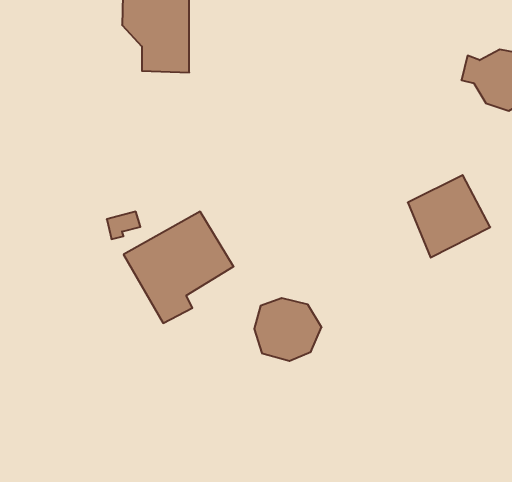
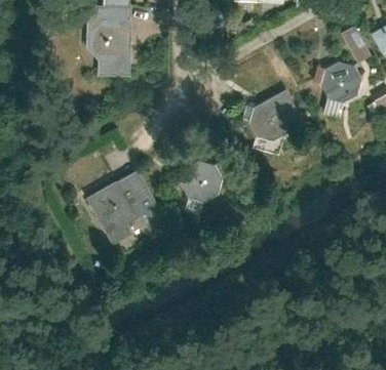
building: [408,175,490,258] -> [250,89,306,145]
building: [254,298,322,361] -> [172,166,218,208]

